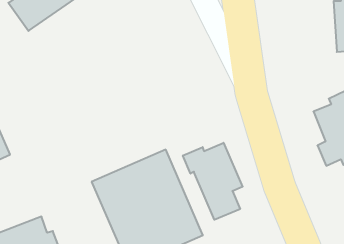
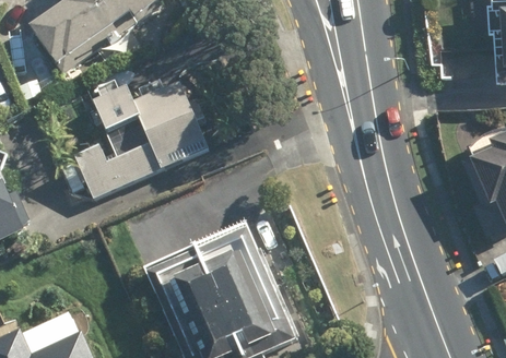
building: none -> [51,82,207,202]
building: [183,143,243,220] -> none

